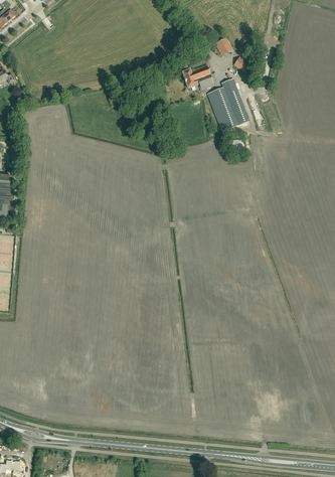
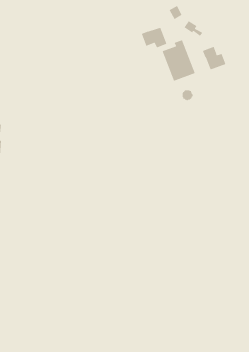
building: none -> [202,46,226,71]

